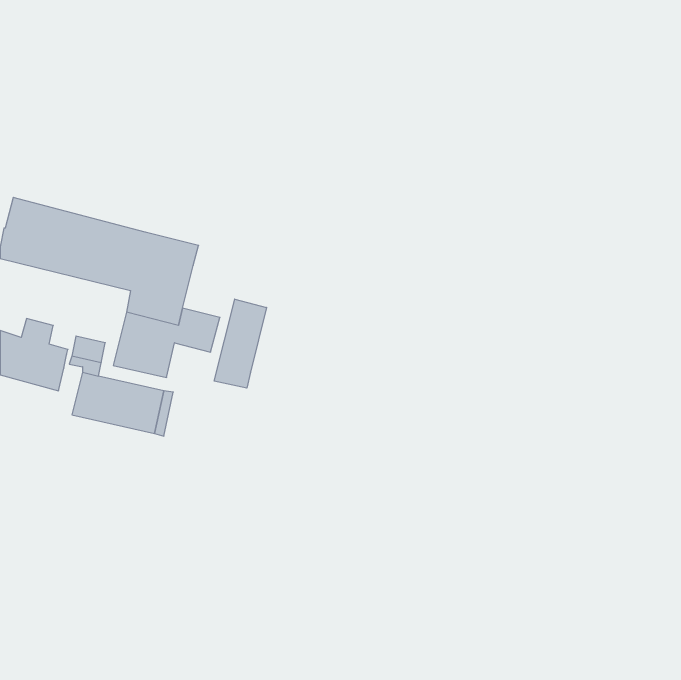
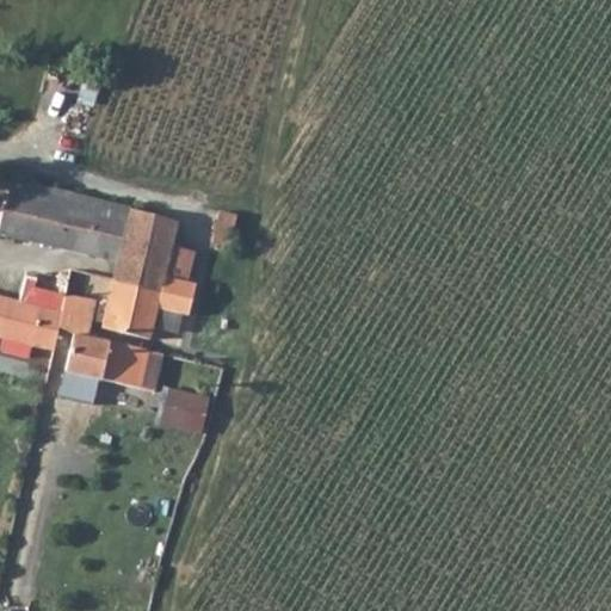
building: [214,299,267,388] -> none
building: none -> [160,387,209,432]

